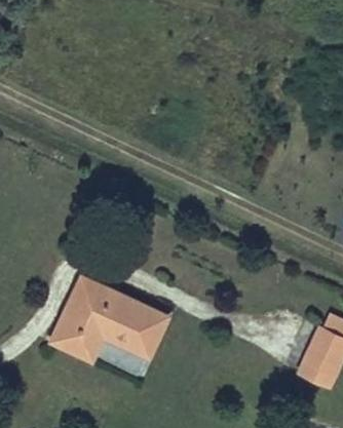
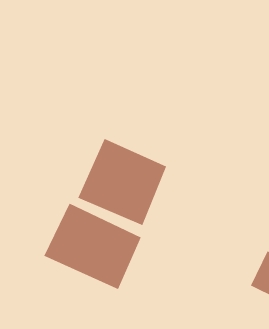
building: none -> [77,138,167,226]

